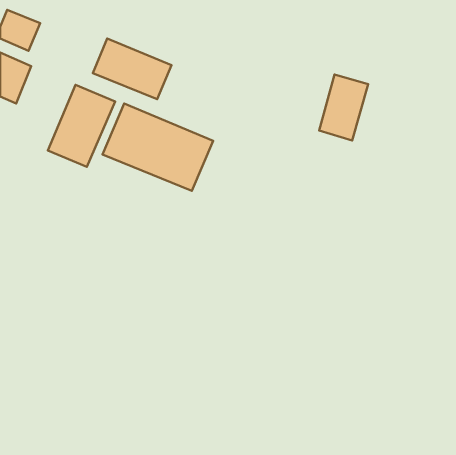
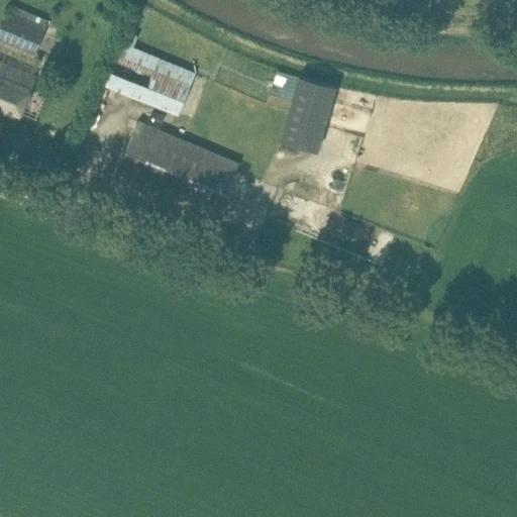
building: [319,74,368,140] -> [281,76,336,150]
building: [48,85,115,167] -> none

